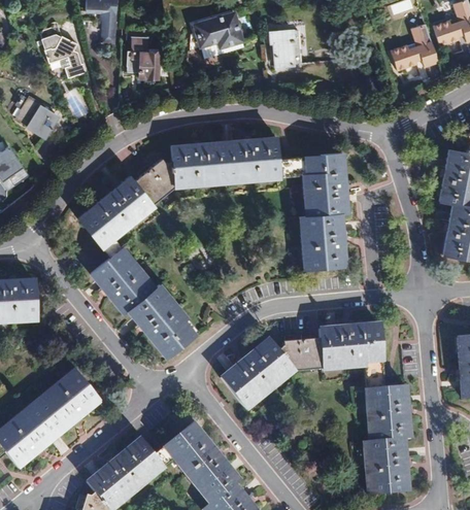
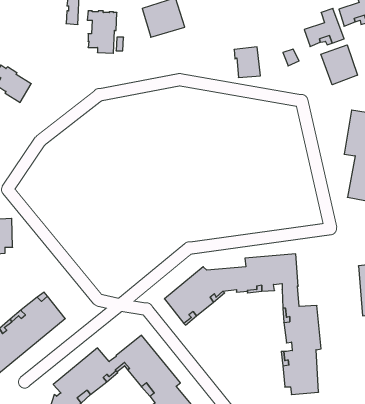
building: [270,30,302,67] -> [234,47,260,77]
building: [41,34,87,79] -> none
building: none -> [321,45,357,85]
building: [77,136,347,359] -> none

